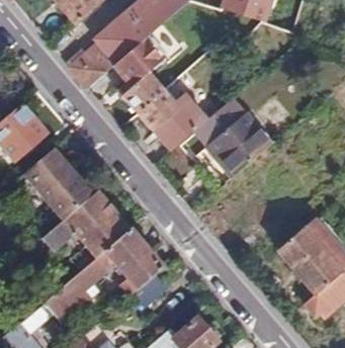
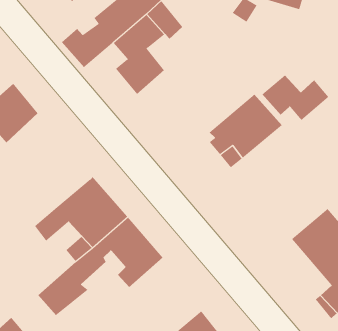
building: [138,89,206,151] -> none
building: none -> [261,75,329,121]
building: [22,144,94,218] -> none

